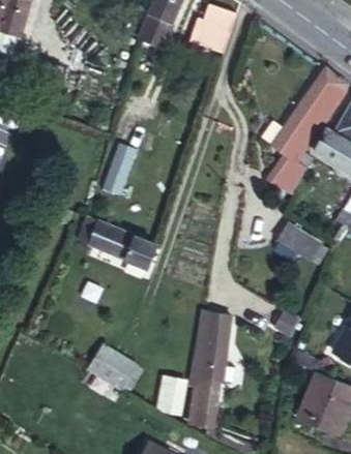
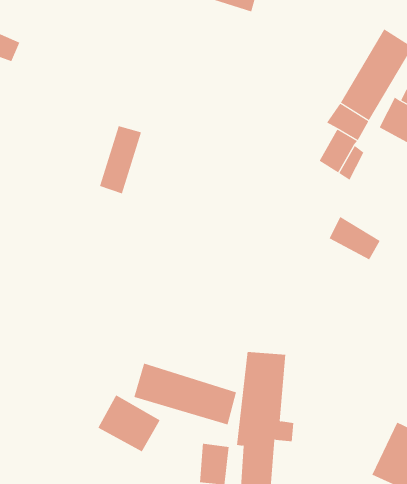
building: [83,214,163,266] -> [133,363,237,425]

